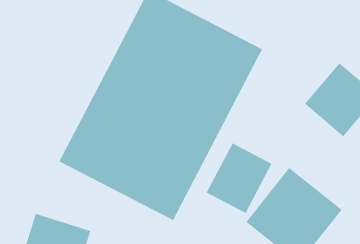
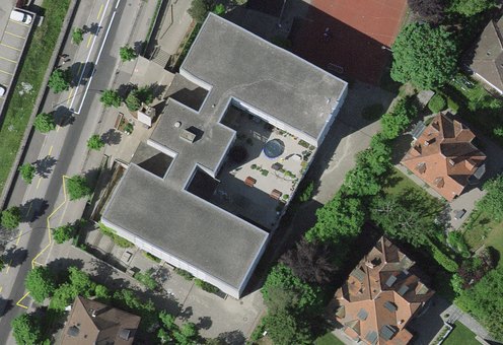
building: [206,143,272,214] -> none

